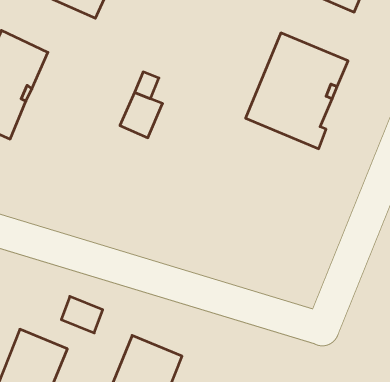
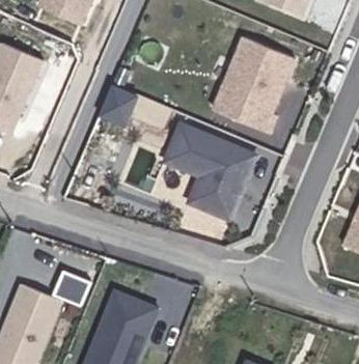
building: none -> [173,125,263,221]

